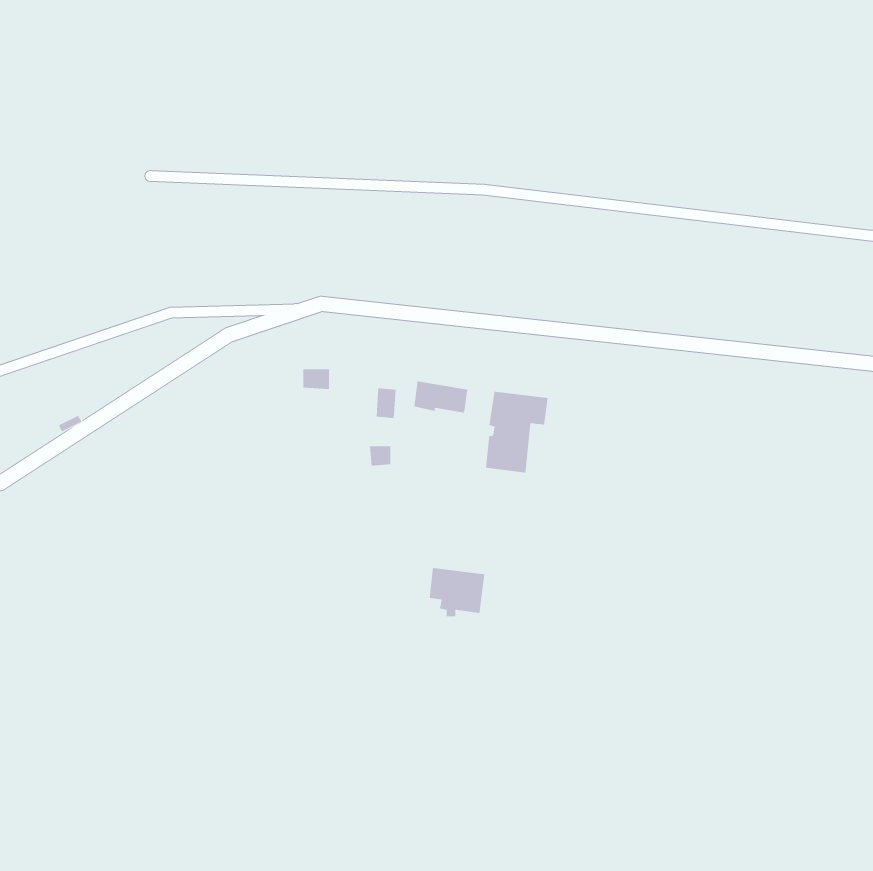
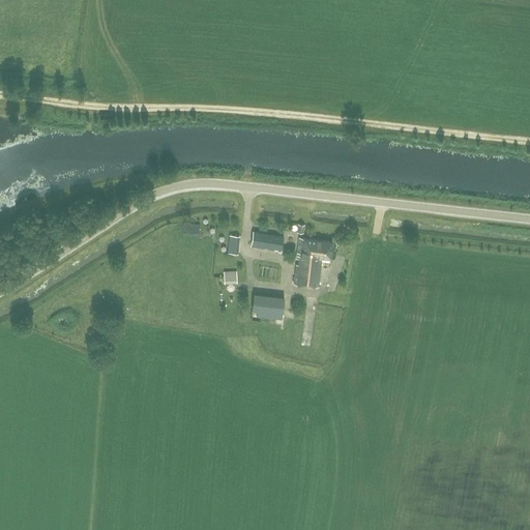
building: [429,567,485,617] -> [251,293,285,323]

